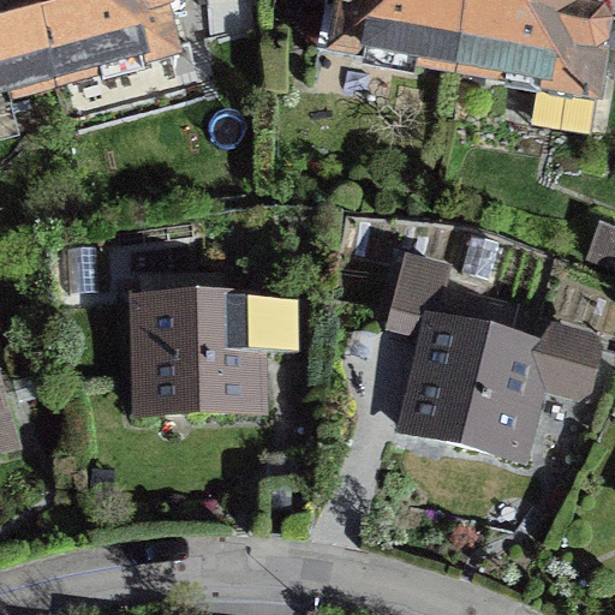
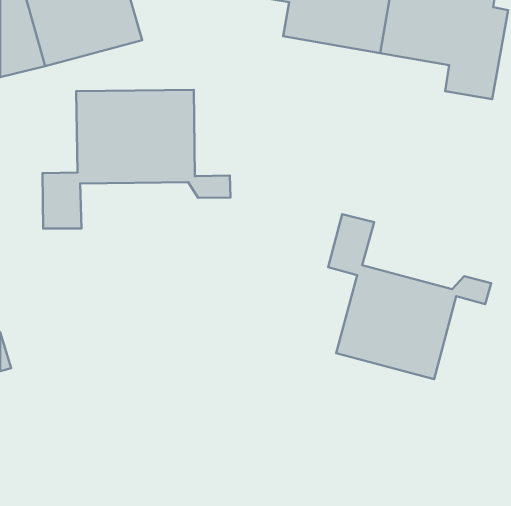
building: none -> [43,90,230,228]
building: [138,298,298,410] -> none

